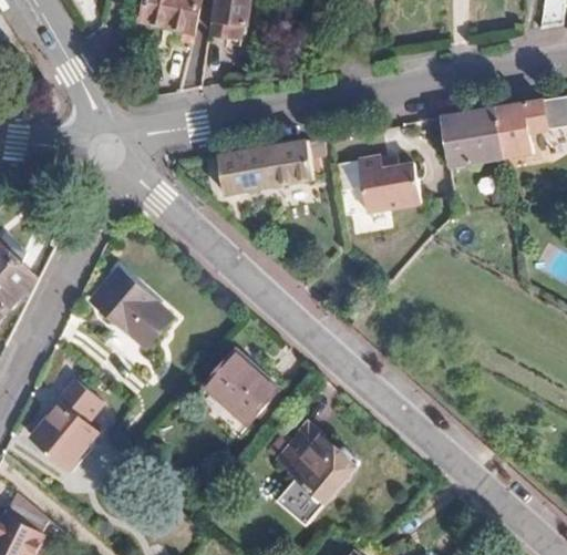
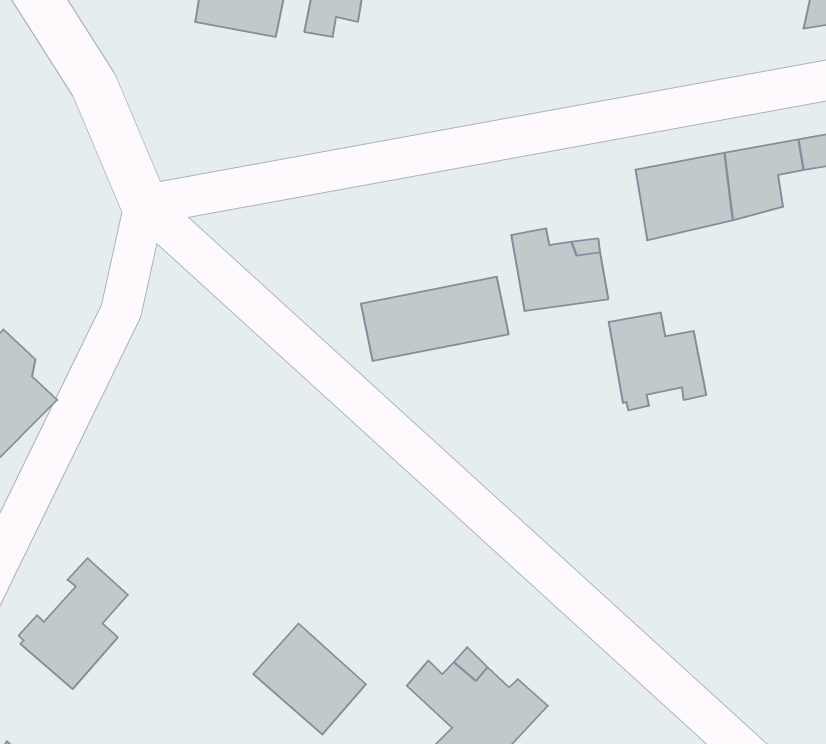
building: [207,145,305,201] -> [361,277,509,361]
building: none -> [609,312,706,410]
building: [101,273,184,362] -> none
building: [219,358,293,431] -> [253,624,366,735]

